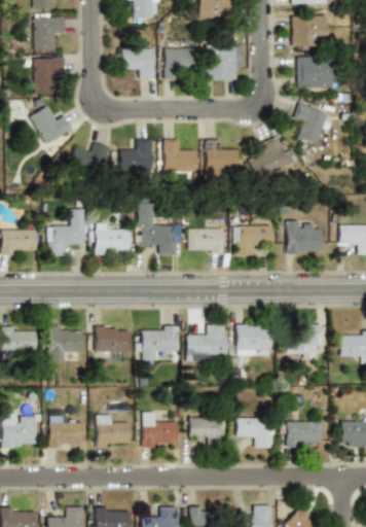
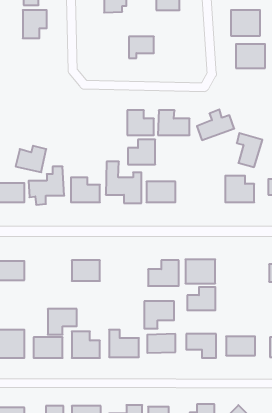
building: [207,44,244,81] -> none
building: [122,48,156,79] -> none
building: [34,58,65,94] -> none
building: [297,104,329,146] -> [237,133,262,167]
building: [29,106,72,143] -> none
building: [118,140,152,171] -> [128,140,155,164]
building: [70,143,108,176] -> [16,146,46,172]
building: [232,225,271,255] -> none
building: [286,325,321,354] -> [187,287,215,310]
building: [141,326,178,360] -> [144,301,174,329]
building: [47,328,83,360] -> [48,309,77,335]

